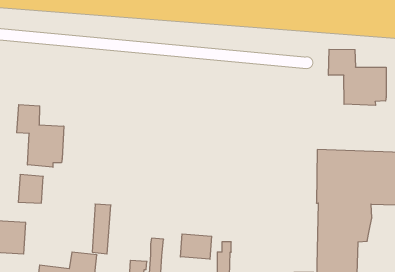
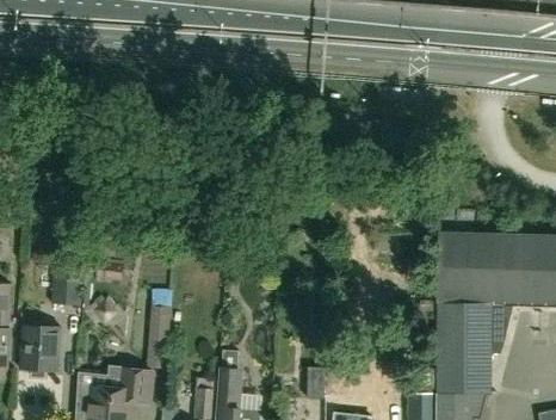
building: [329,49,386,105] -> none
building: [17,105,64,167] -> none
building: [180,234,212,259] -> none

